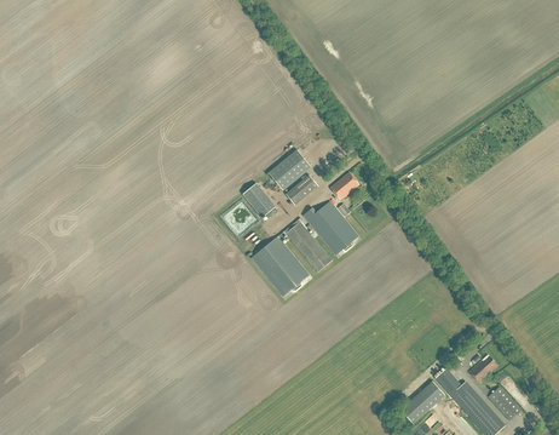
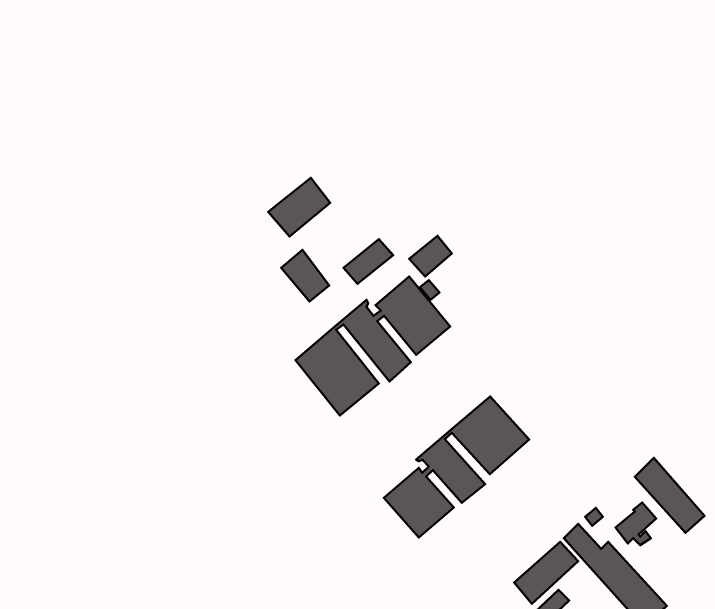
building: [267,149,310,189] -> [268,178,330,237]
building: none -> [384,396,529,537]
building: none -> [635,458,705,533]

